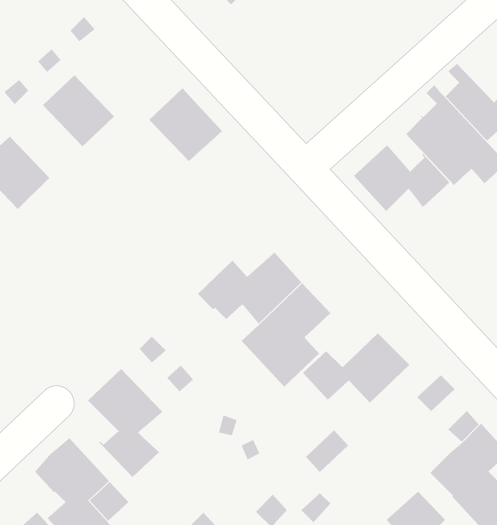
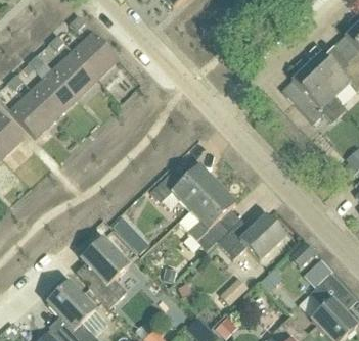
building: [149,87,223,162] -> [73,31,120,78]
building: none -> [32,70,78,116]
building: [353,144,450,212] -> none

